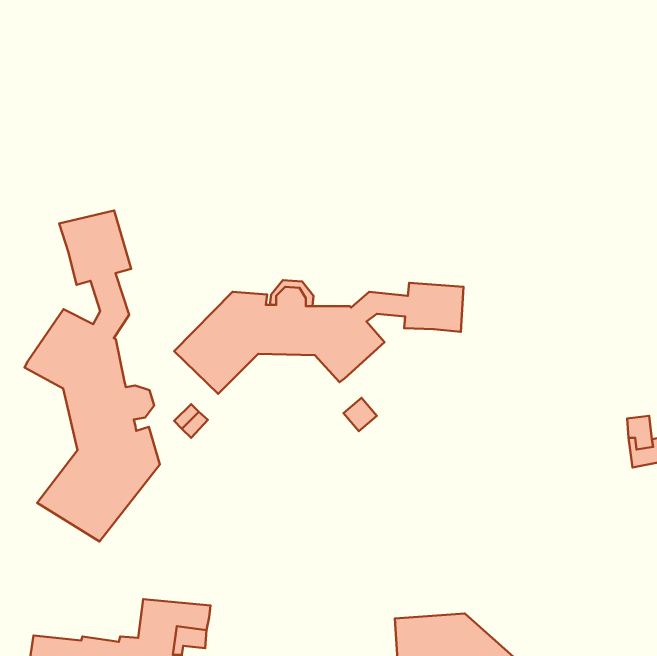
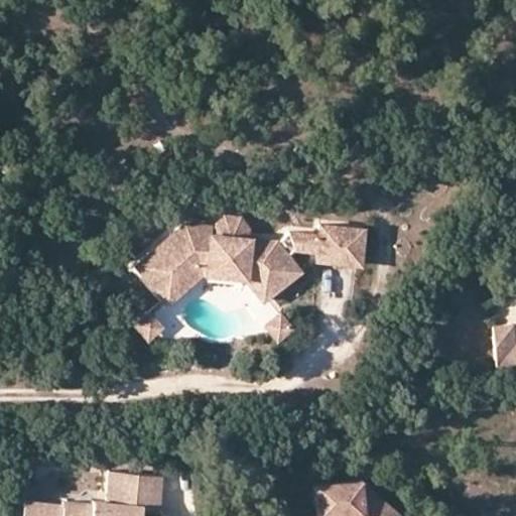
building: [24,211,160,541] -> none

